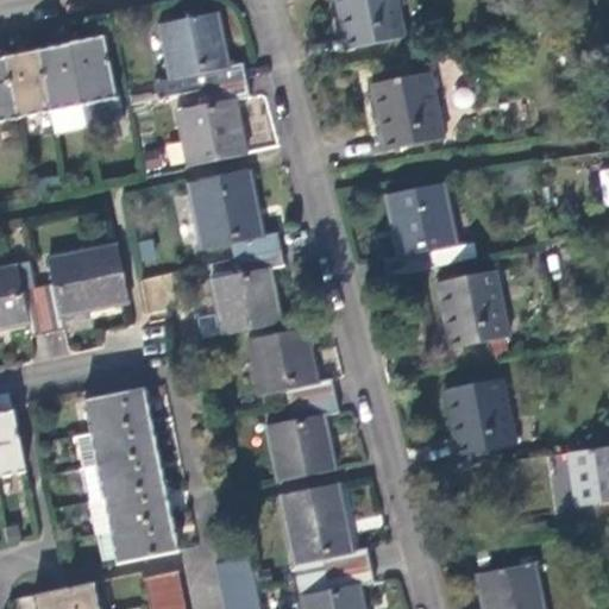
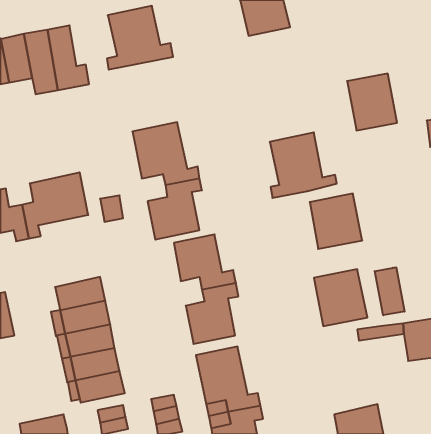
building: [373,76,444,156] -> [347,74,397,130]
building: [174,80,250,164] -> none
building: none -> [375,267,405,315]

